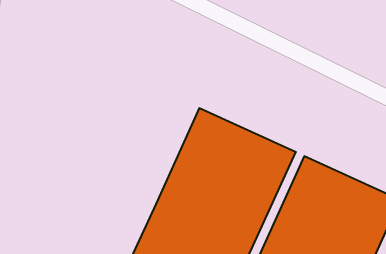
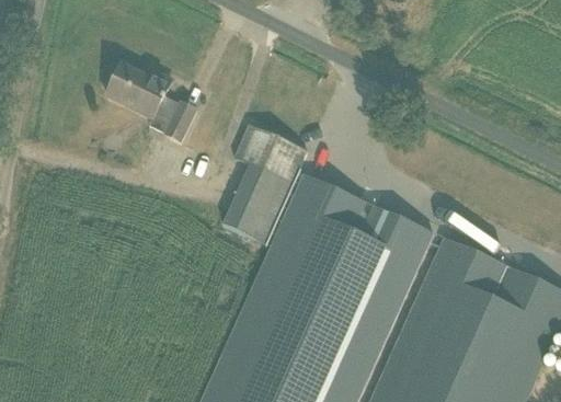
building: none -> [106,65,196,141]
building: none -> [224,124,307,243]

